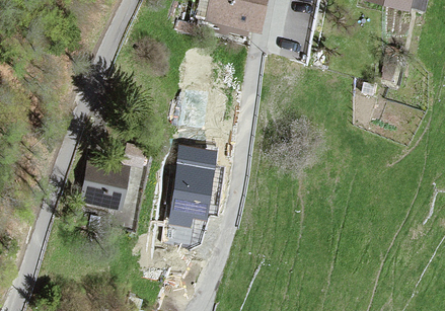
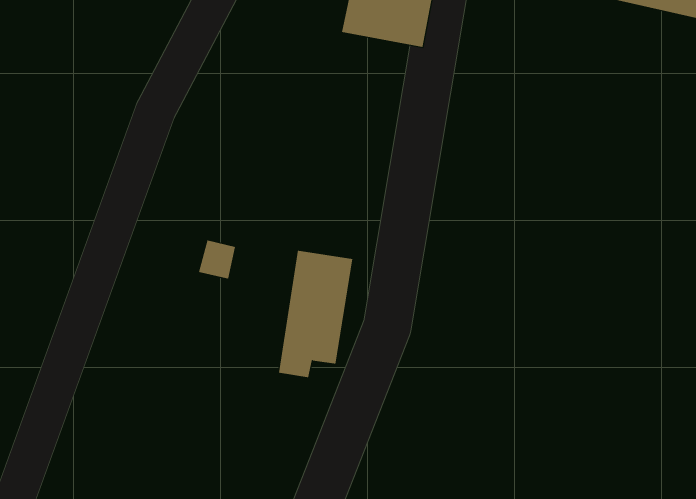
building: [81,162,128,211] -> none

